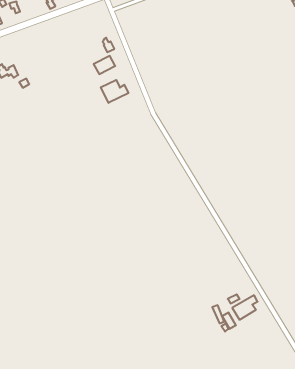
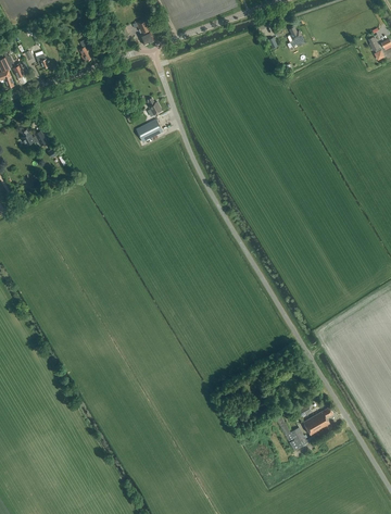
building: [101,80,128,103] -> none

